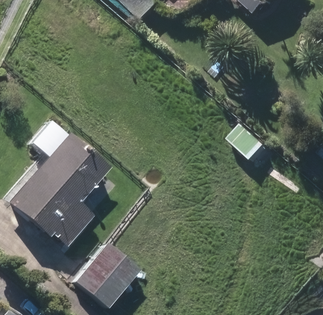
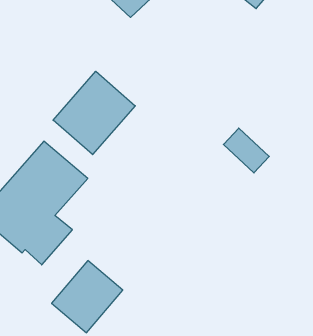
building: none -> [53,71,135,155]

